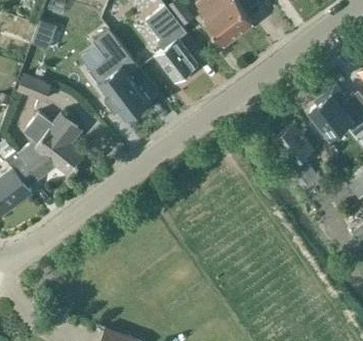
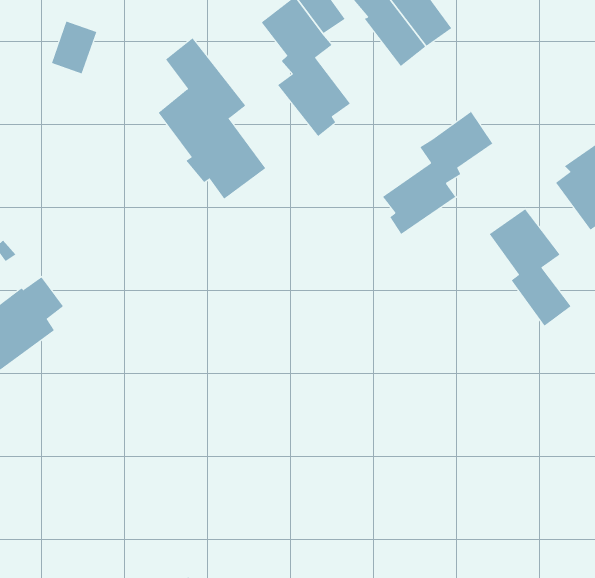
building: none -> [382,110,493,235]
building: [17,75,51,102] -> none
building: [17,113,85,179] -> none

